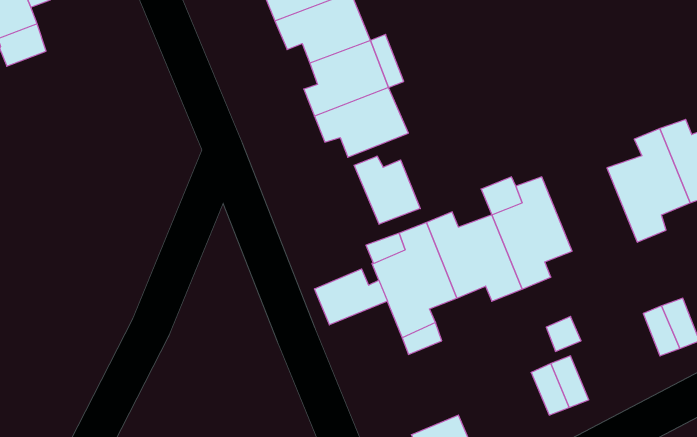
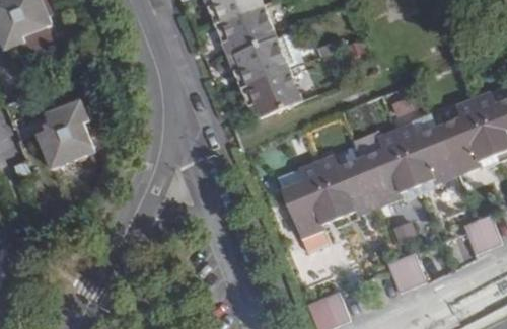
building: none -> [39,101,96,171]
building: [354,156,420,224] -> none
building: none -> [392,124,456,183]
building: [315,269,387,325] -> none

